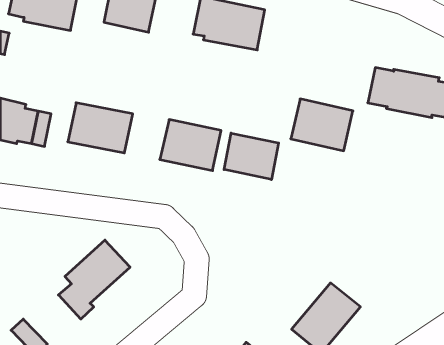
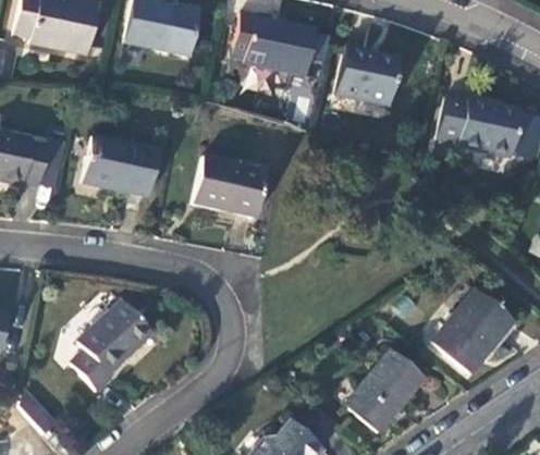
building: [291,99,353,151] -> [347,53,420,114]
building: [224,133,279,180] -> none
building: none -> [432,291,513,373]

